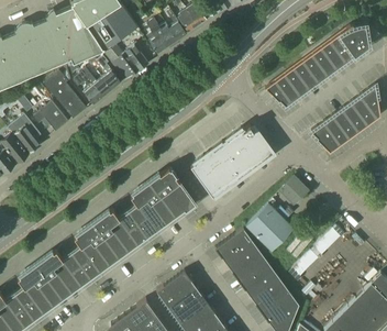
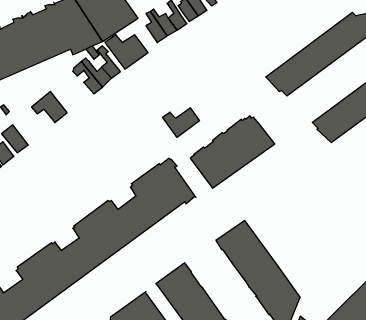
building: [44,67,86,120] -> none
building: [9,115,41,155] -> none
building: none -> [163,108,199,137]
building: [279,177,309,207] -> none
building: [246,205,294,252] -> none

